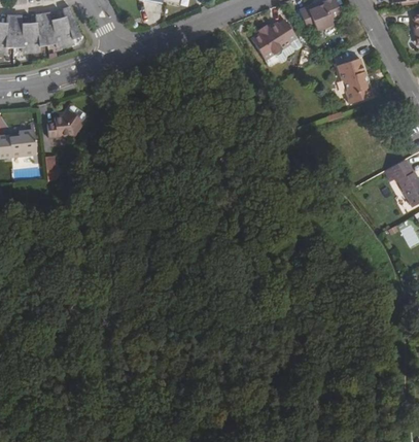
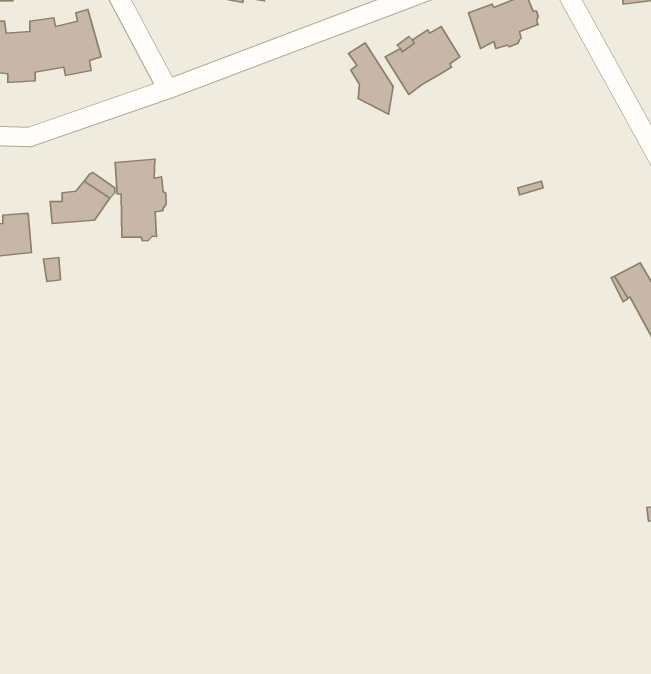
building: none -> [348,43,393,114]
building: [337,58,372,103] -> none
building: none -> [115,159,166,241]

